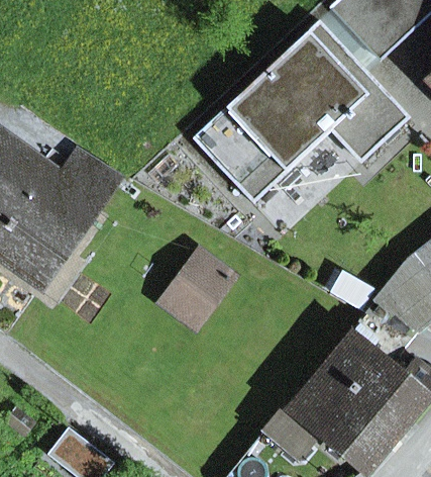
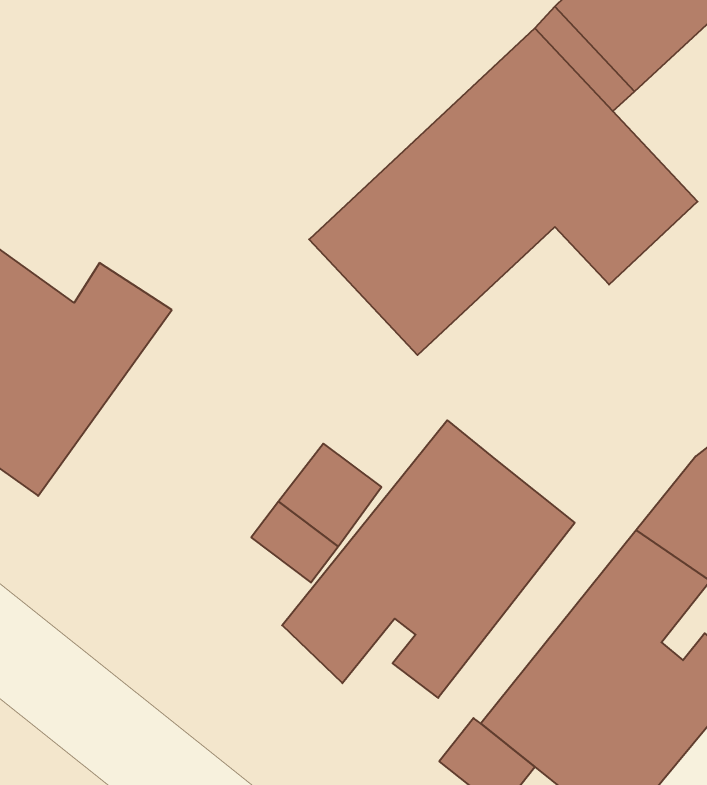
building: none -> [282,420,575,698]

